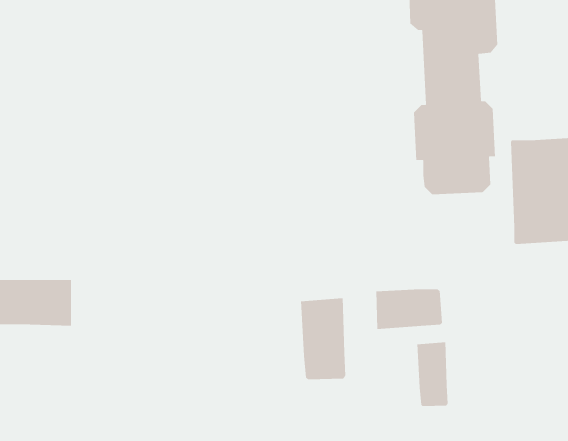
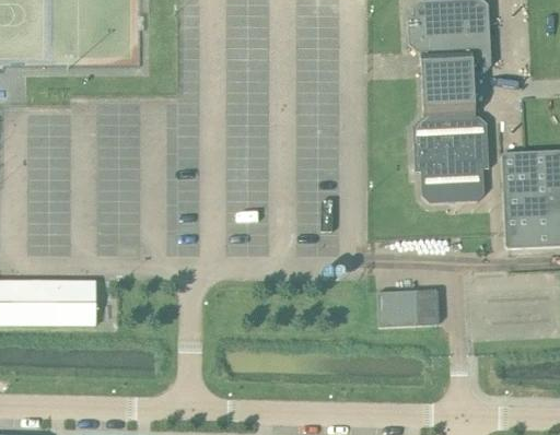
building: [300,297,346,380] -> none
building: [416,341,448,407] -> none

